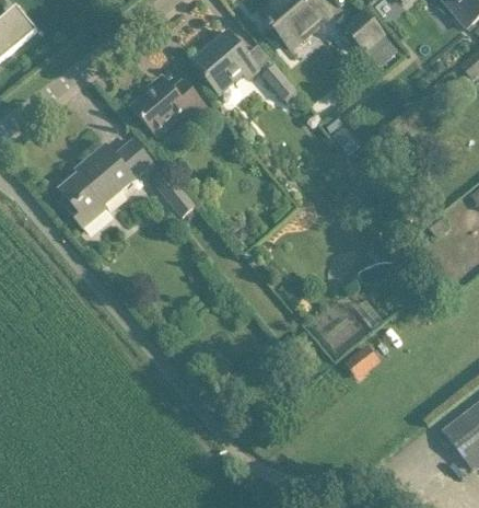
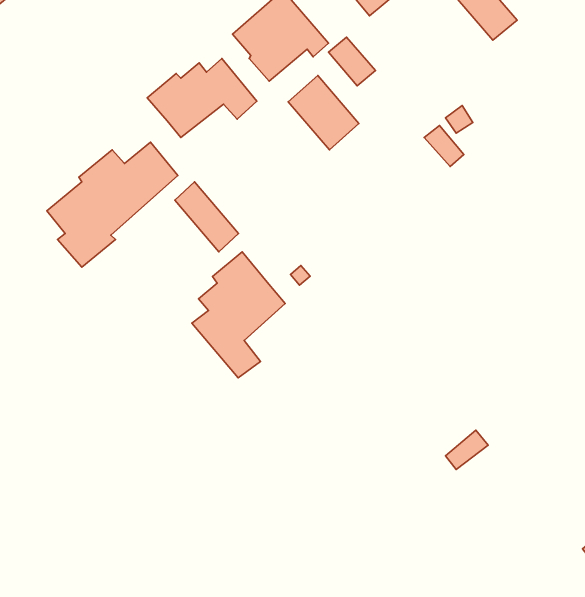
building: none -> [288,75,359,150]
building: none -> [192,252,285,378]

